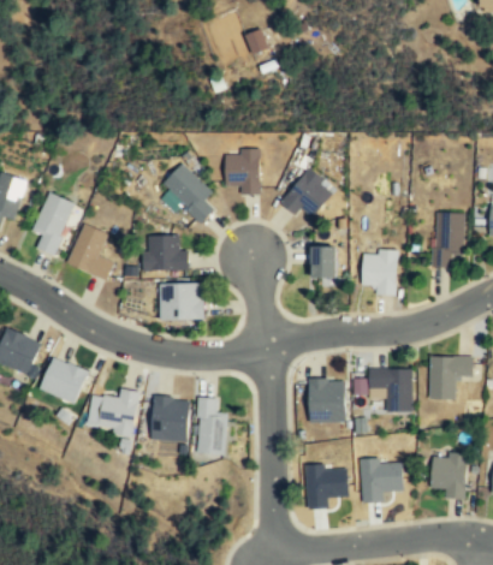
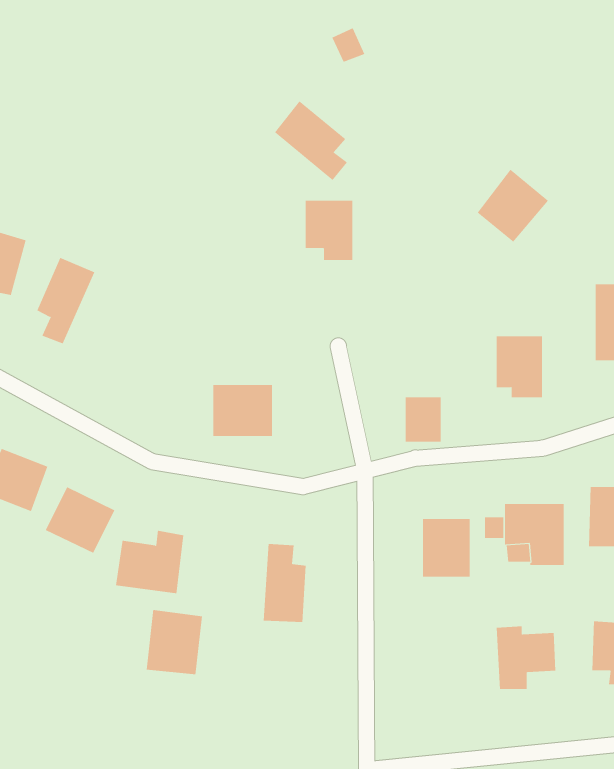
building: [161,163,214,221] -> [274,100,348,181]
building: [283,168,334,221] -> [477,169,549,243]
building: [66,224,114,280] -> none
building: [144,236,188,270] -> none
building: [310,245,337,278] -> [405,397,442,442]
building: [149,396,190,442] -> [146,610,203,675]
building: [308,464,351,508] -> none

